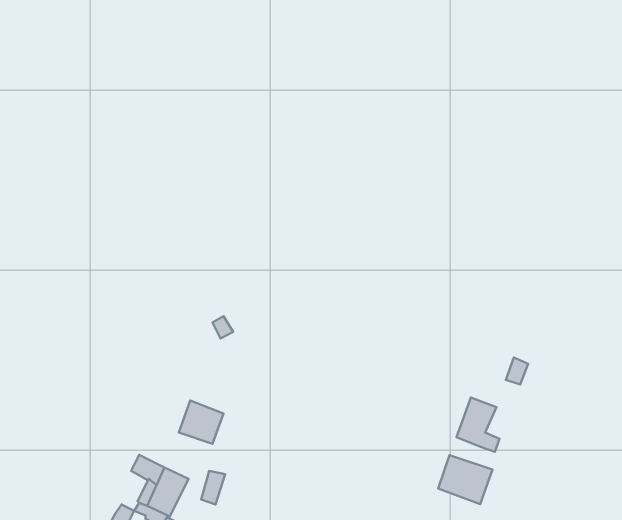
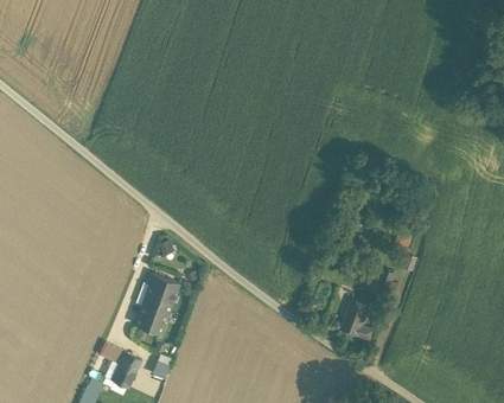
building: none -> [145,275,180,313]
building: [438,455,493,504] -> none

